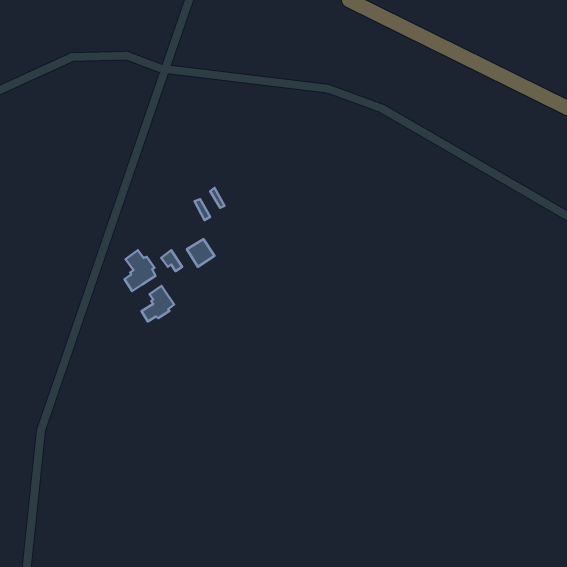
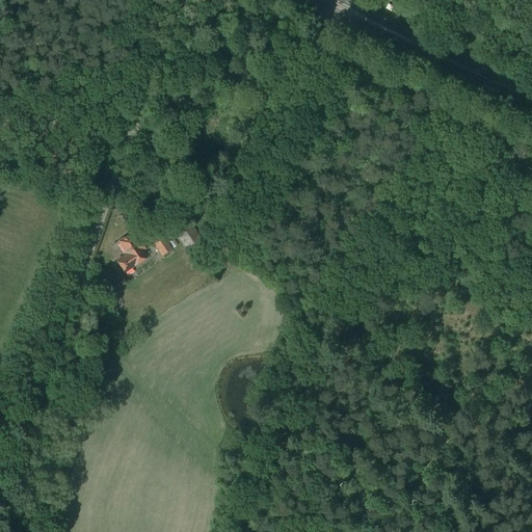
building: [142,286,174,322] -> none

